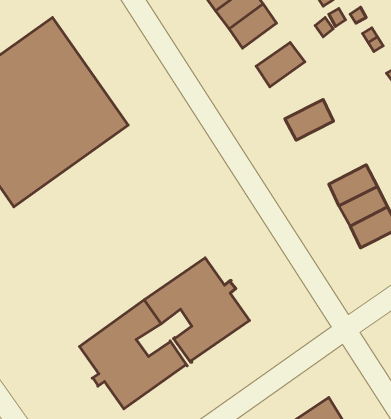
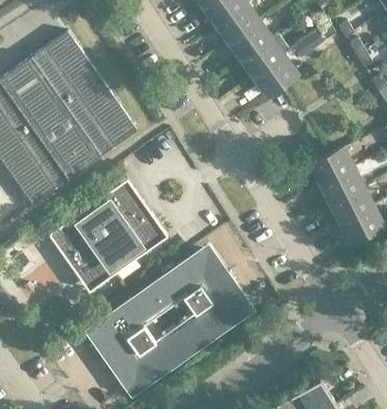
building: none -> [241,37,285,77]
building: [285,99,334,140] -> [309,147,354,184]
building: none -> [49,193,168,282]

